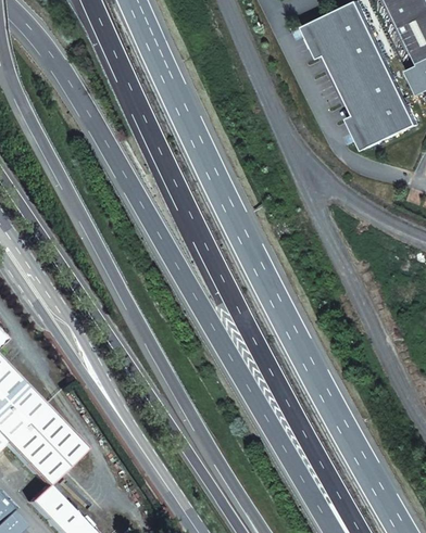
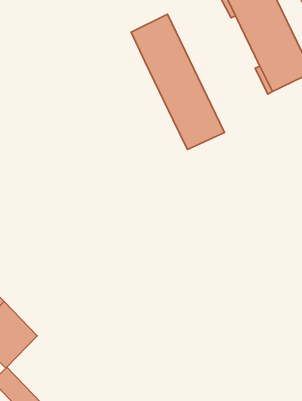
building: none -> [131,14,224,149]

